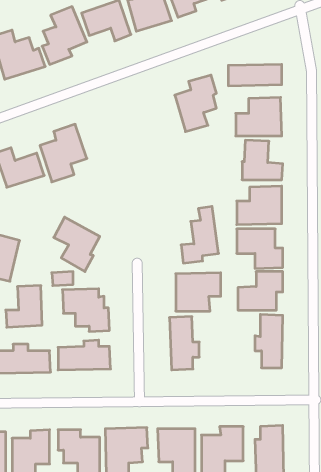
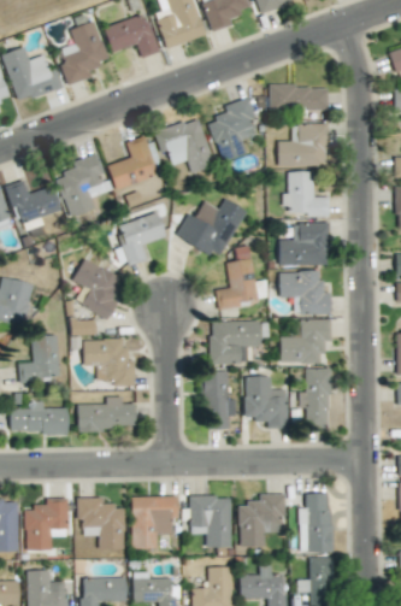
building: none -> [157,118,213,172]
building: none -> [107,136,158,190]
building: none -> [176,199,247,260]
building: none -> [119,213,166,266]
building: none -> [244,376,288,429]

